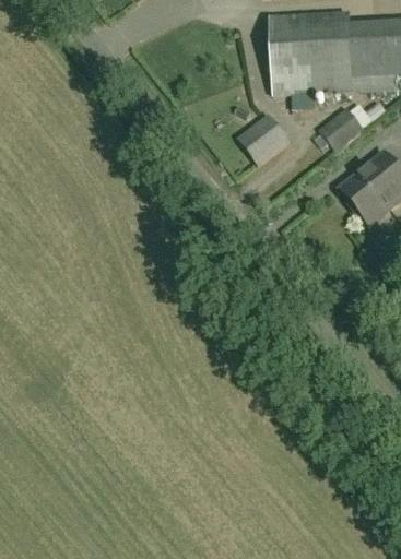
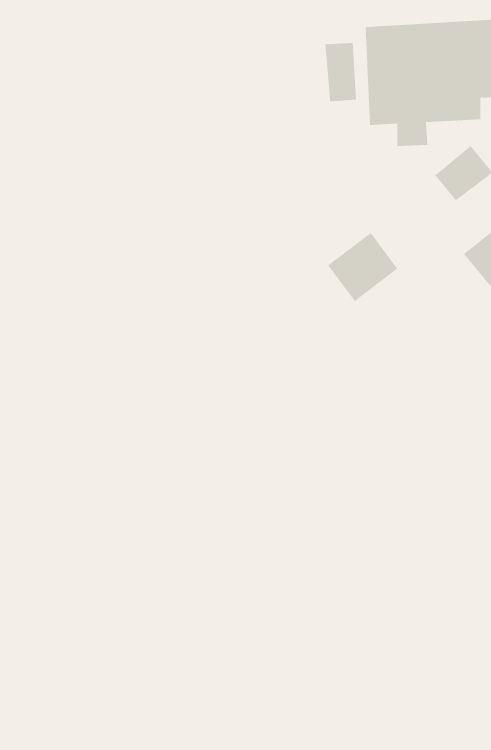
building: none -> [325,42,357,102]
building: [236,114,287,164] -> [327,232,398,302]

